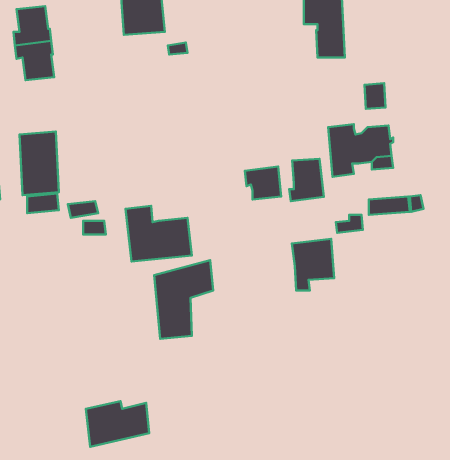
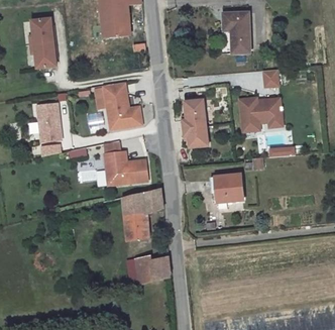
building: none -> [103,82,142,129]
building: [289,159,324,201] -> [183,100,206,128]
building: [86,401,149,447] -> [128,255,171,286]

